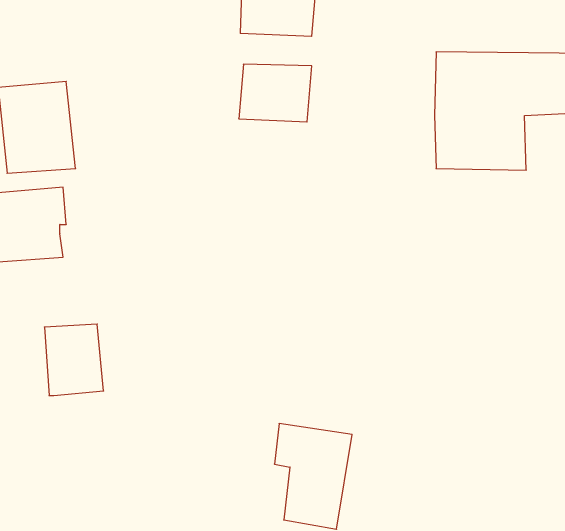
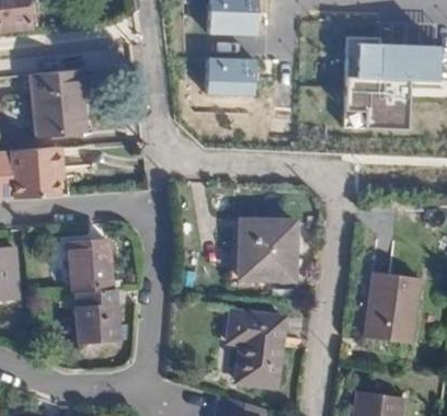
building: none -> [230,219,293,285]
building: none -> [365,270,419,343]
building: none -> [76,288,116,354]

